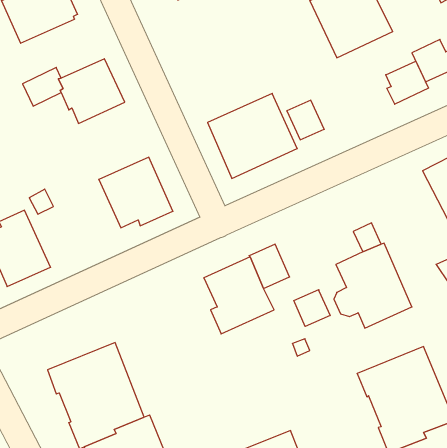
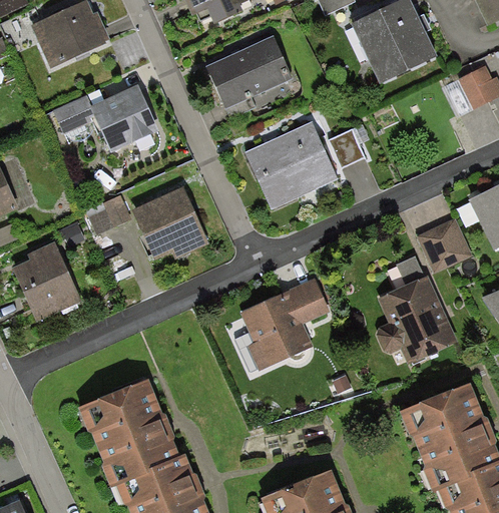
building: none -> [205,35,292,107]
building: [386,61,428,104] -> none
building: none -> [88,194,131,233]
building: none -> [416,217,472,273]
building: [294,290,330,326] -> none

